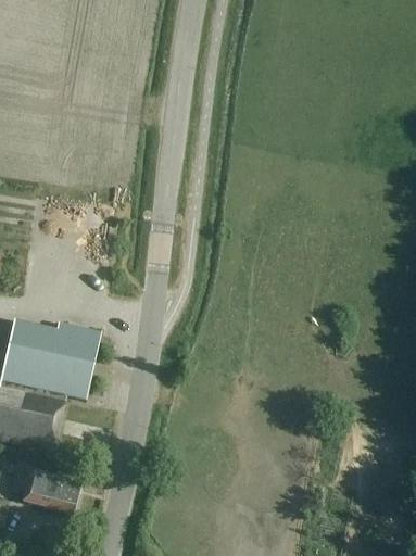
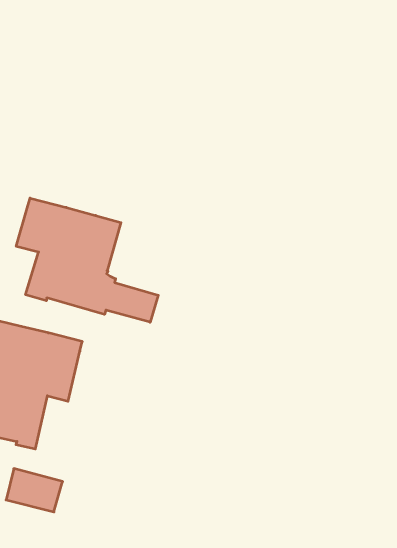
building: none -> [16,198,158,322]

